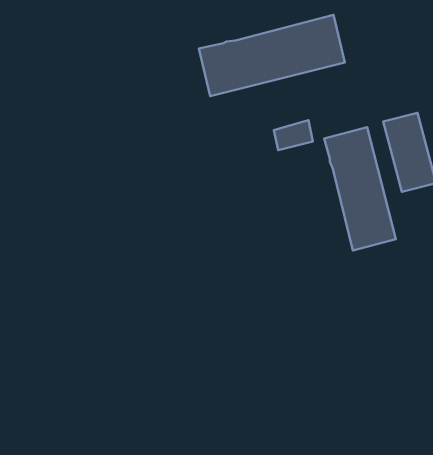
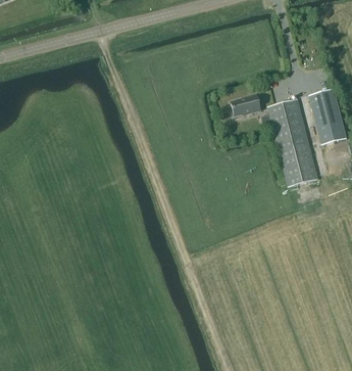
building: [199,15,345,96] -> none

